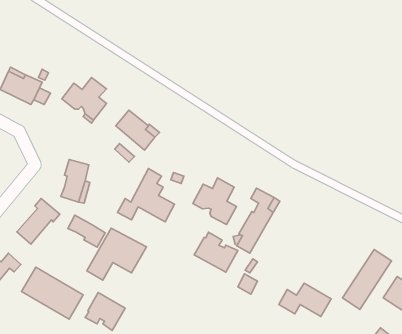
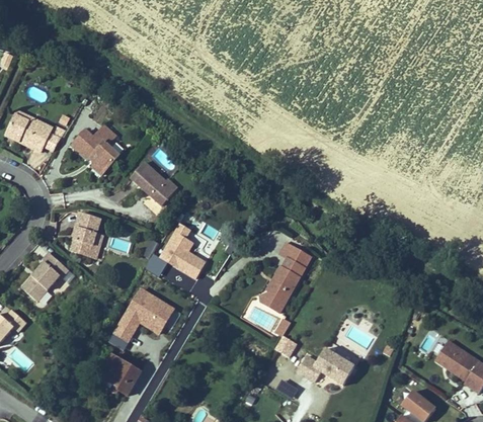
building: [193,178,236,225] -> none
building: [68,215,105,247] -> none
building: [194,232,238,272] -> none
building: [342,249,392,309] -> none
building: [22,267,83,319] -> none

